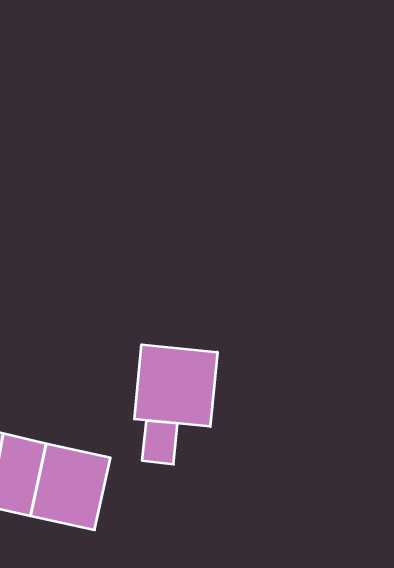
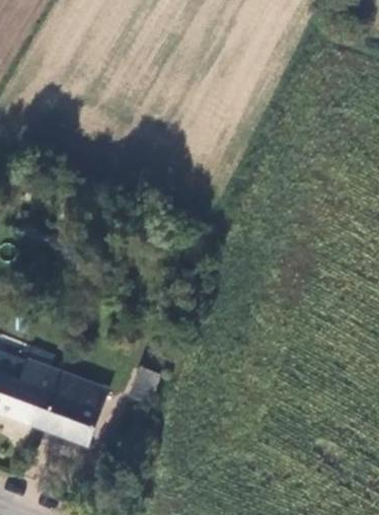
building: [134,345,217,427] -> none

